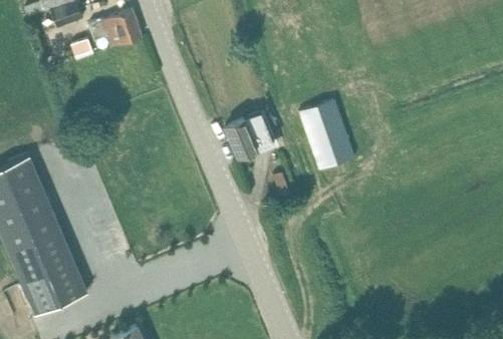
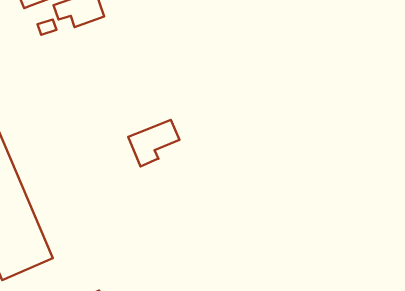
building: [299,101,352,171] -> none
building: [224,110,278,159] -> [128,120,179,166]

